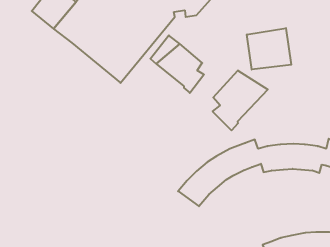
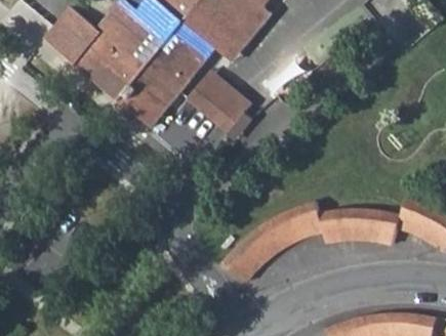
building: [247,28,291,70] -> none
building: [213,70,268,130] -> none

